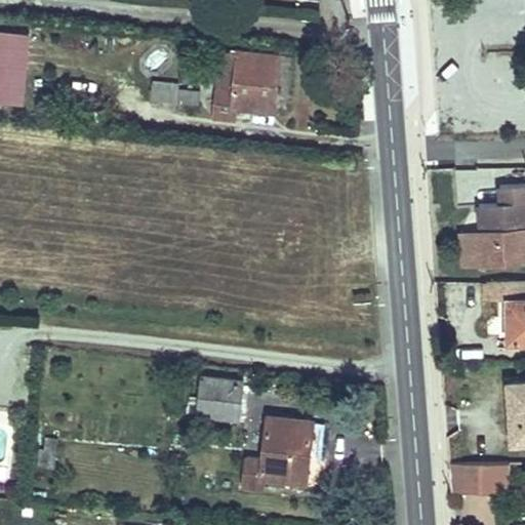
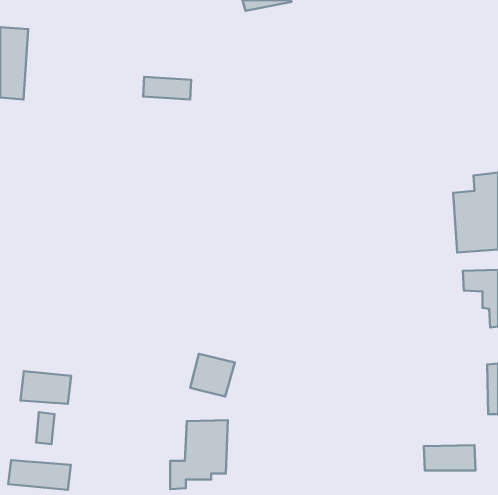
building: [213,52,277,117] -> none
building: none -> [21,371,71,404]
building: [250,418,311,491] -> [170,420,228,489]
building: none -> [8,460,71,490]

